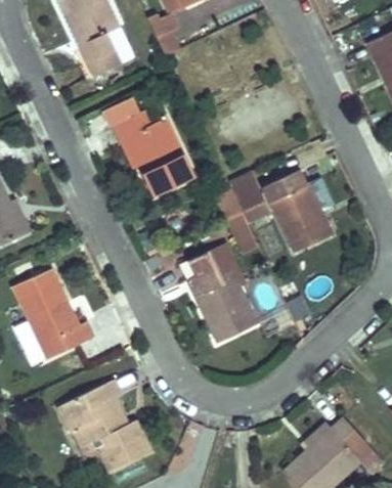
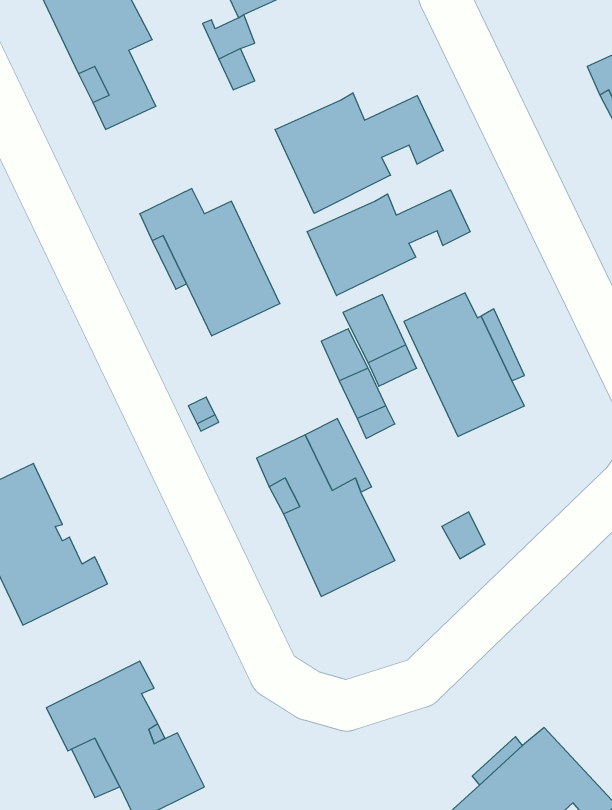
building: none -> [275,93,443,213]
building: none -> [307,190,470,296]

